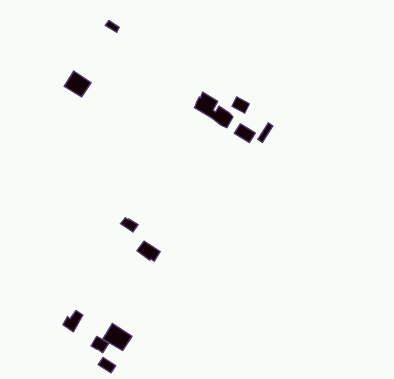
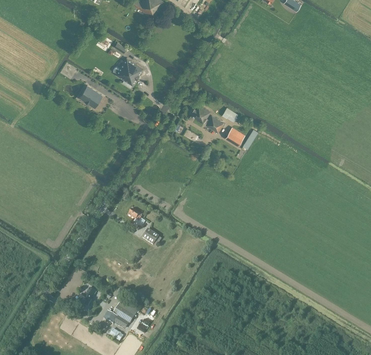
building: none -> [113,57,144,87]

